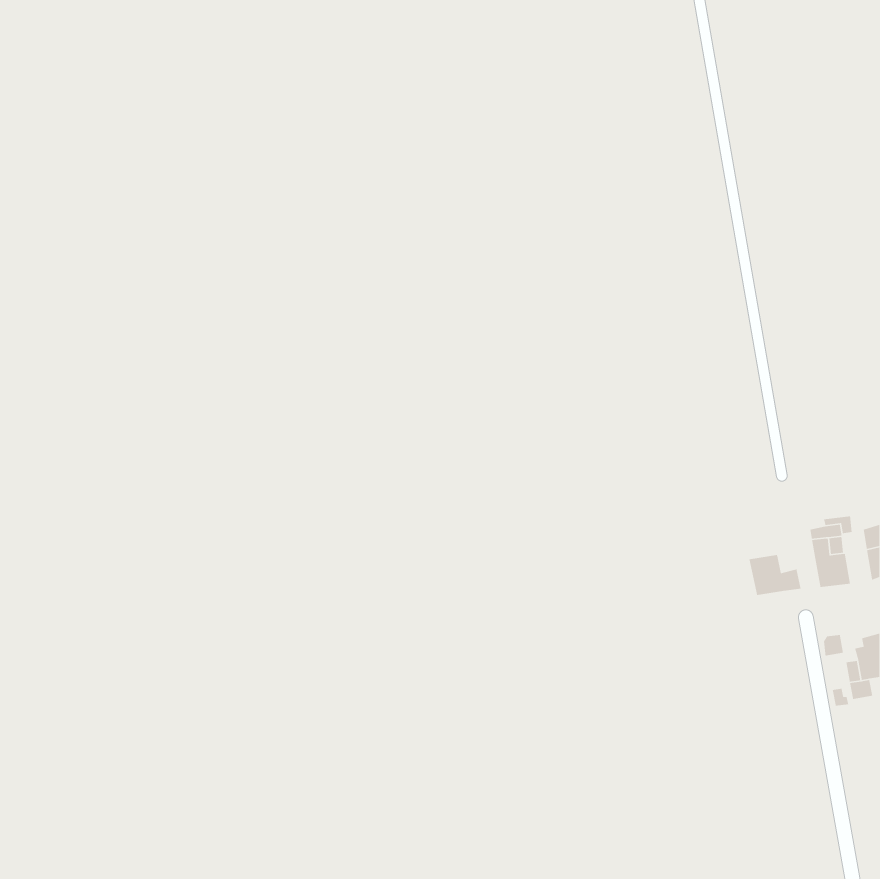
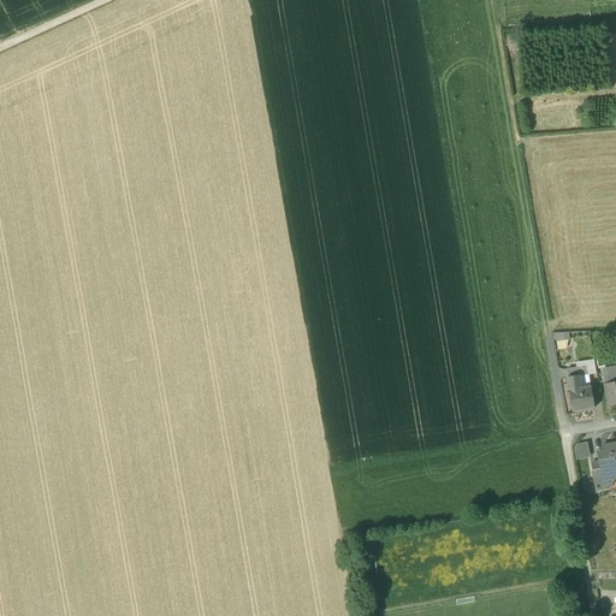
building: [749,554,802,596] -> none

